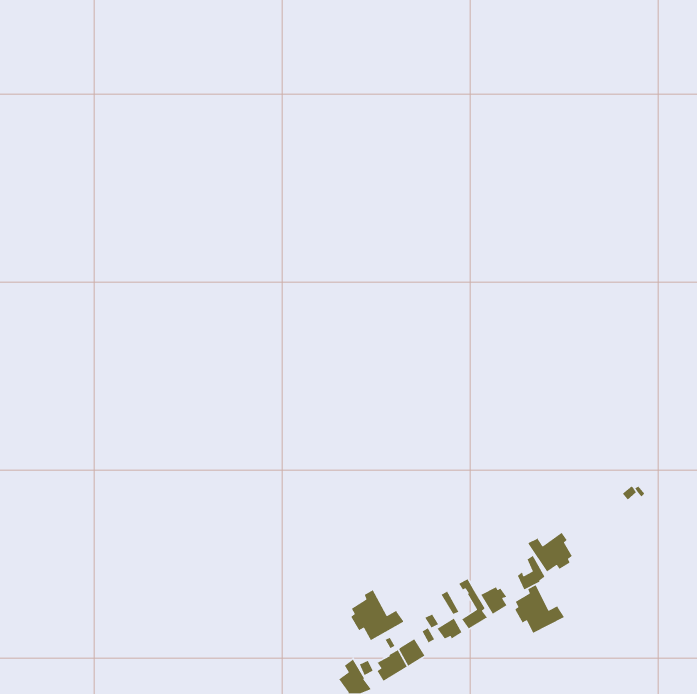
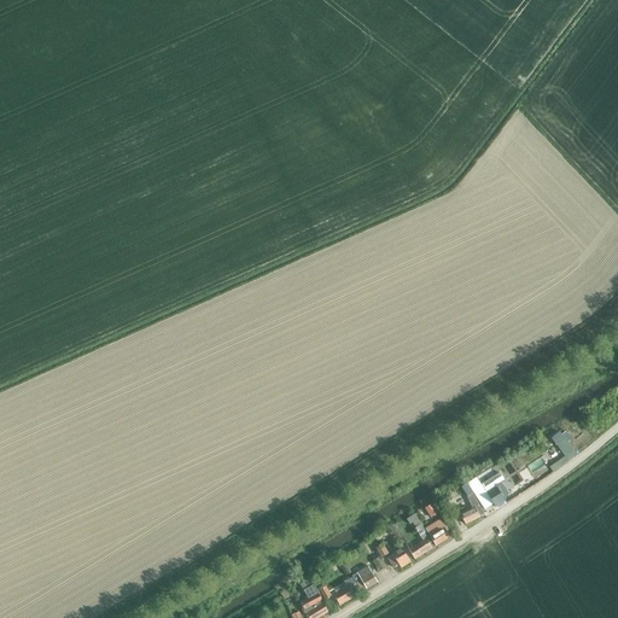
building: [514,584,565,634] -> none
building: [351,589,404,641] -> none

